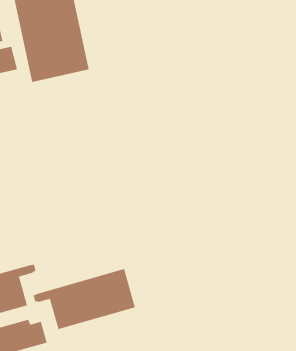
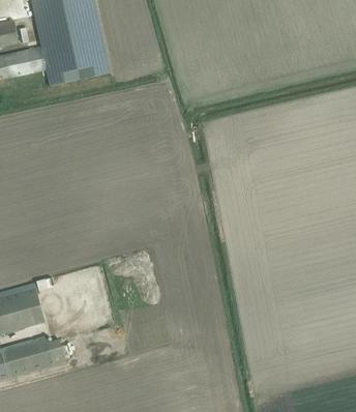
building: [33,268,136,330] -> none

